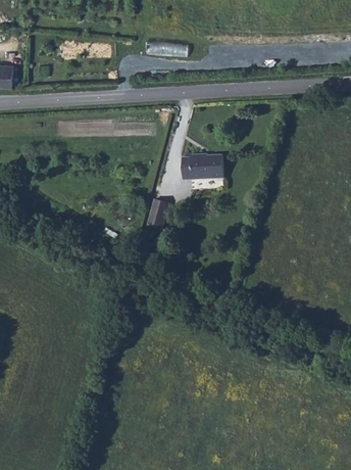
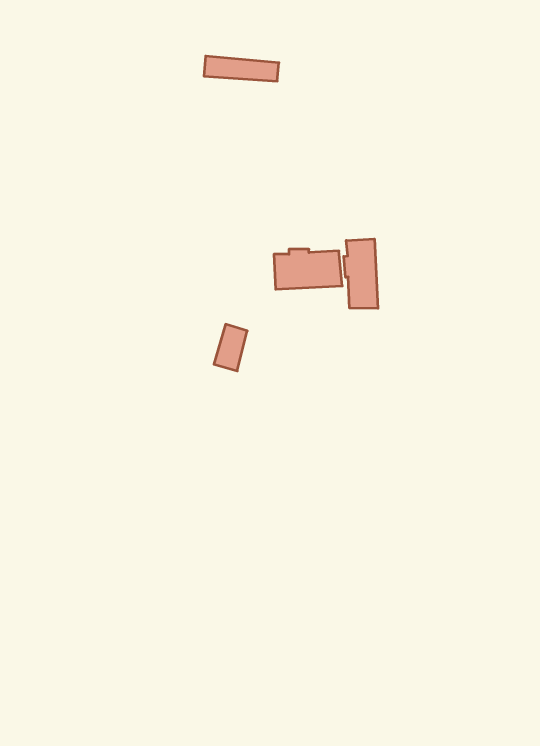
building: none -> [344,239,378,308]

